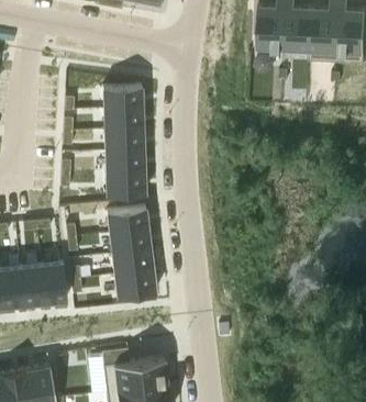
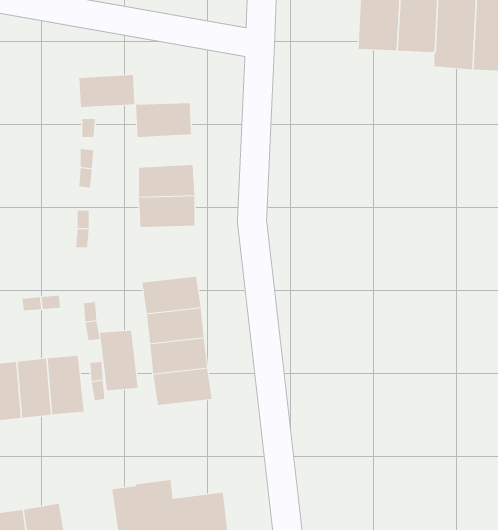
building: [104,109,144,132] -> [78,75,135,108]
building: [107,172,146,196] -> none
building: none -> [100,330,138,391]

